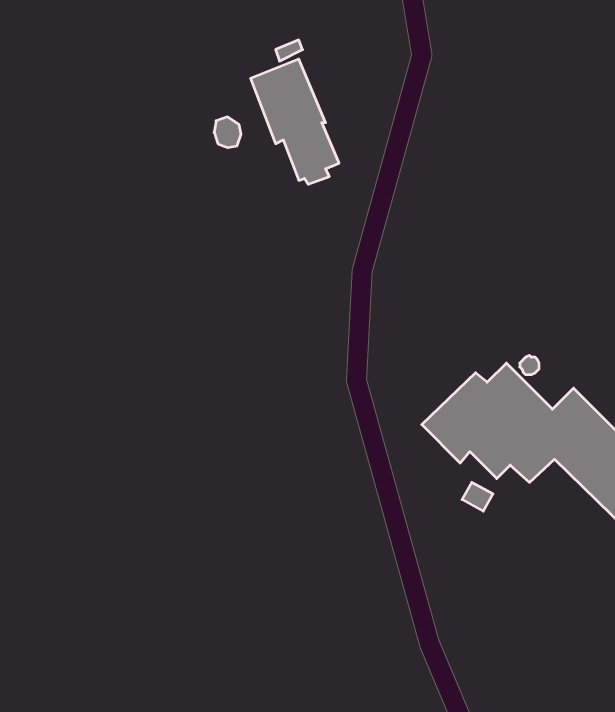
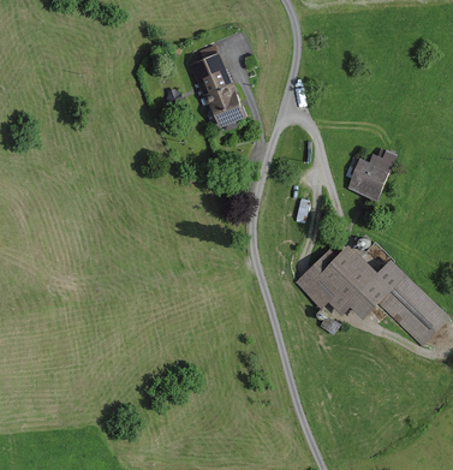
building: none -> [346,151,395,201]

